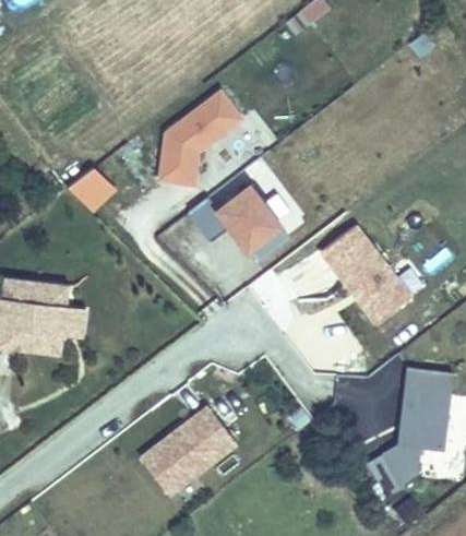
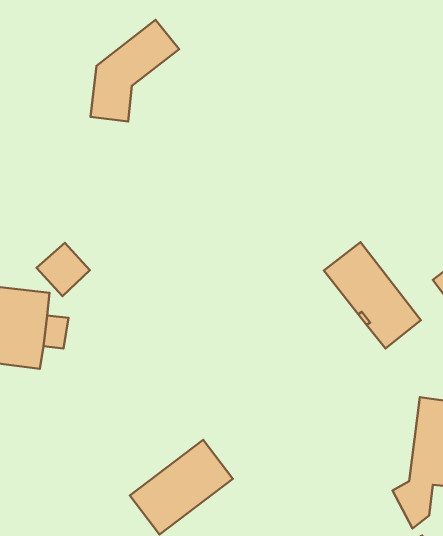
building: [160,87,242,181] -> [90,20,179,121]
building: [62,167,111,216] -> [37,243,90,296]
building: [190,181,288,258] -> none

